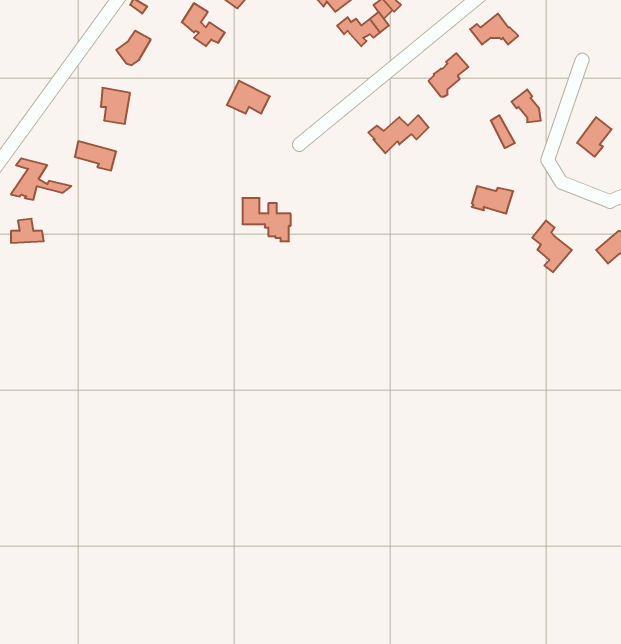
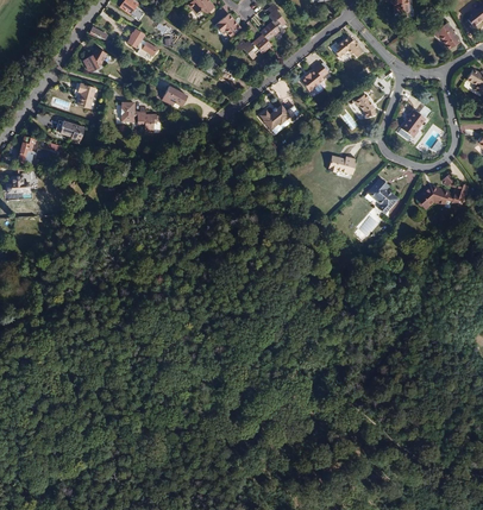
building: [242,198,291,241] -> [125,105,158,134]

